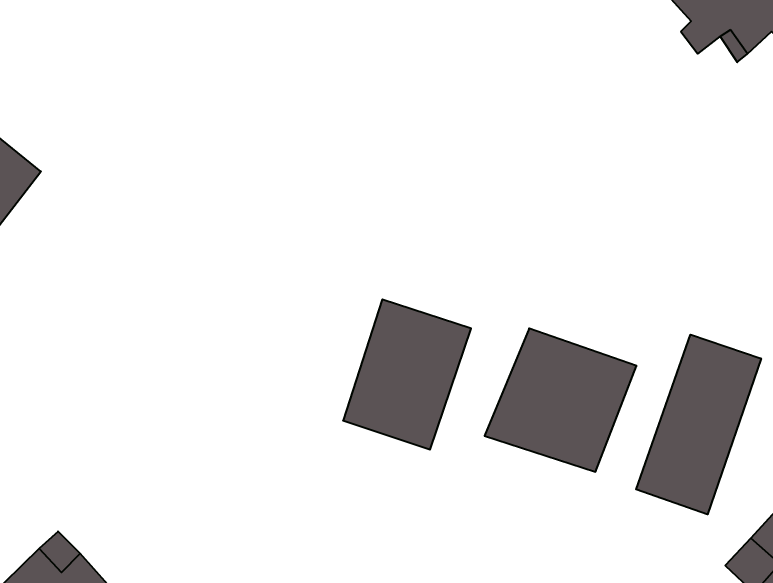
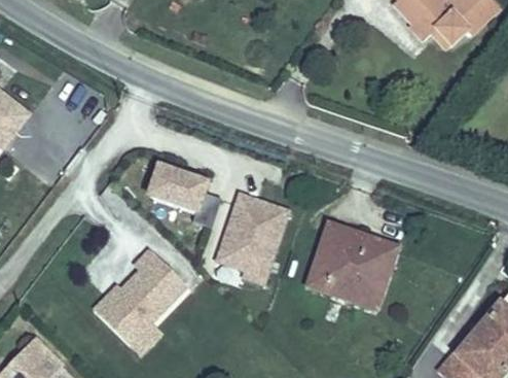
building: none -> [145,165,211,217]
building: [636,335,761,514] -> none
building: none -> [102,253,191,346]

